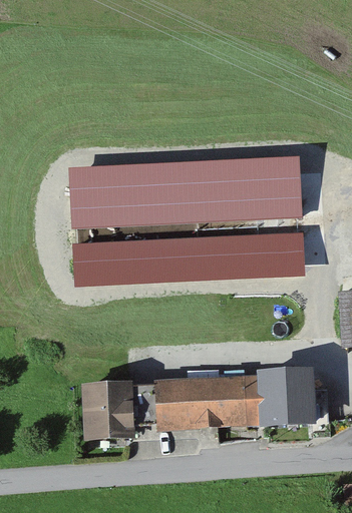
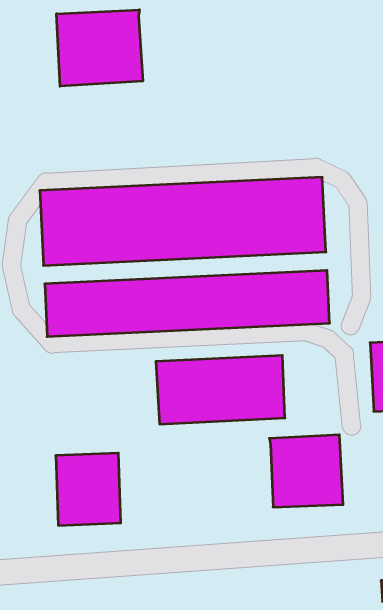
building: none -> [57,10,143,86]
building: [154,374,260,430] -> [156,355,285,424]

